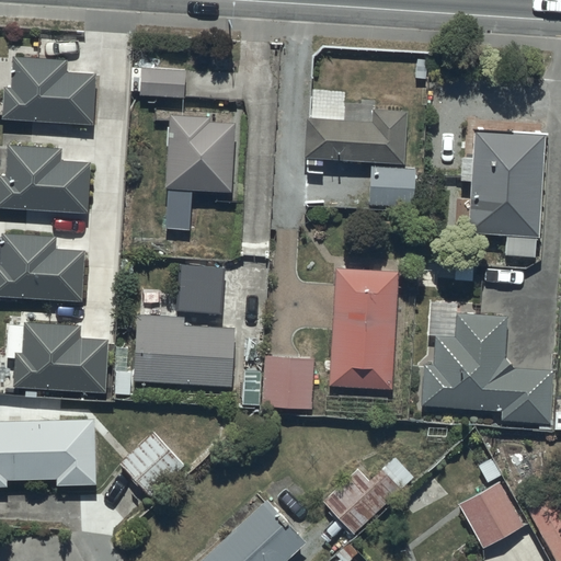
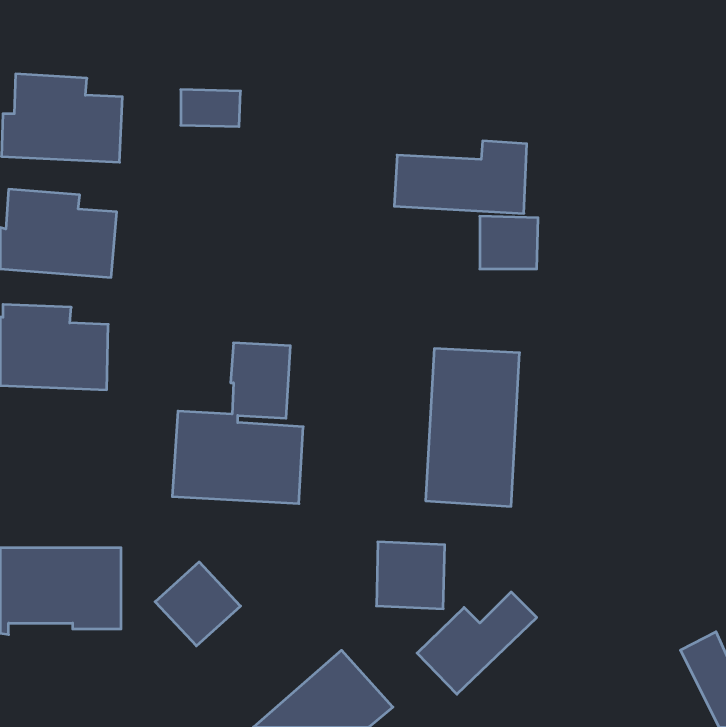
building: [164,117,234,194] -> none
building: [460,131,545,257] -> none
building: [422,301,553,424] -> none
building: [5,322,108,393] -> none
building: [262,358,314,410] -> [376,542,445,609]
building: [458,481,524,549] -> none

